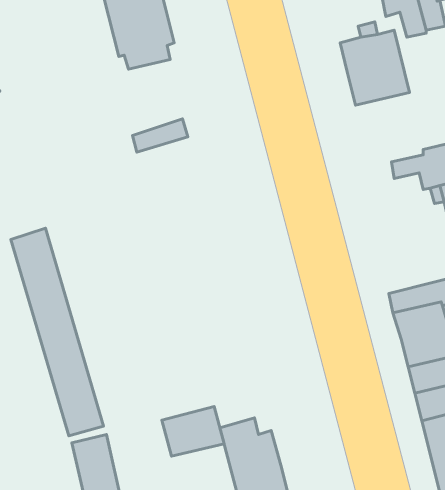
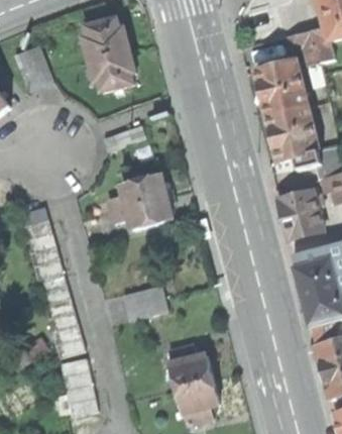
building: none -> [13,45,51,91]
building: none -> [267,107,317,161]
building: none -> [109,175,172,229]
building: none -> [277,190,323,238]
building: [162,406,224,456] -> [124,285,169,321]

